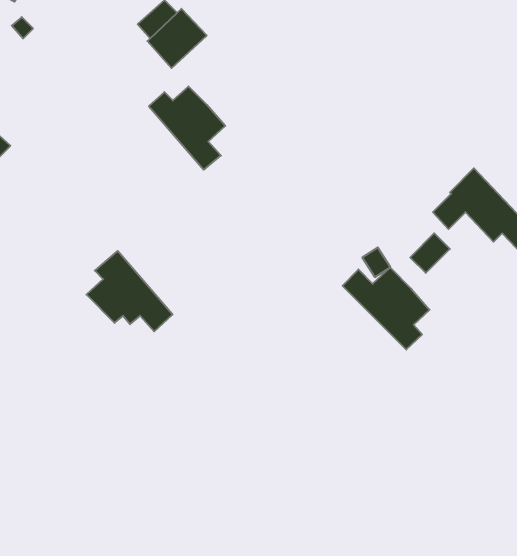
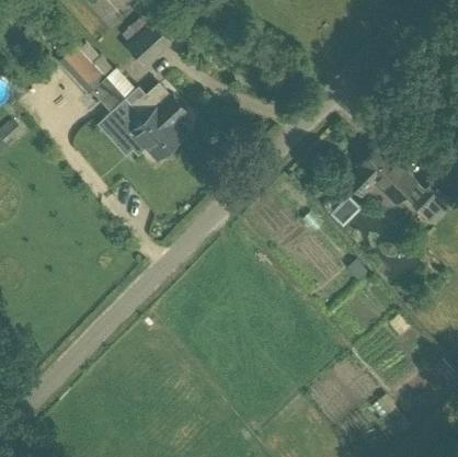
building: none -> [67,47,115,104]
building: [86,251,173,331] -> [104,96,171,159]
building: [343,268,430,350] -> none

